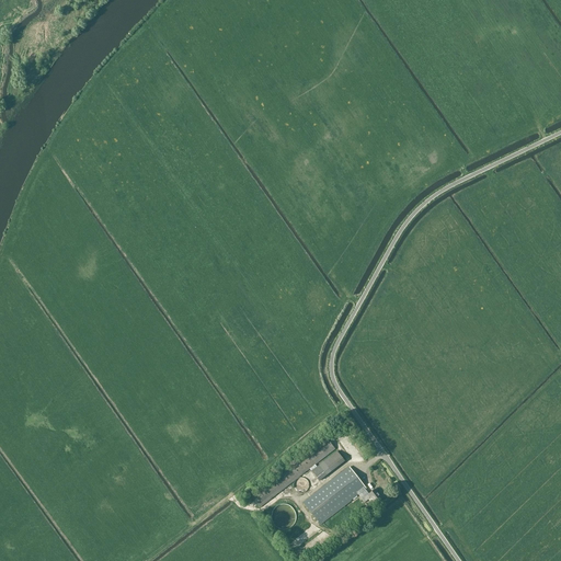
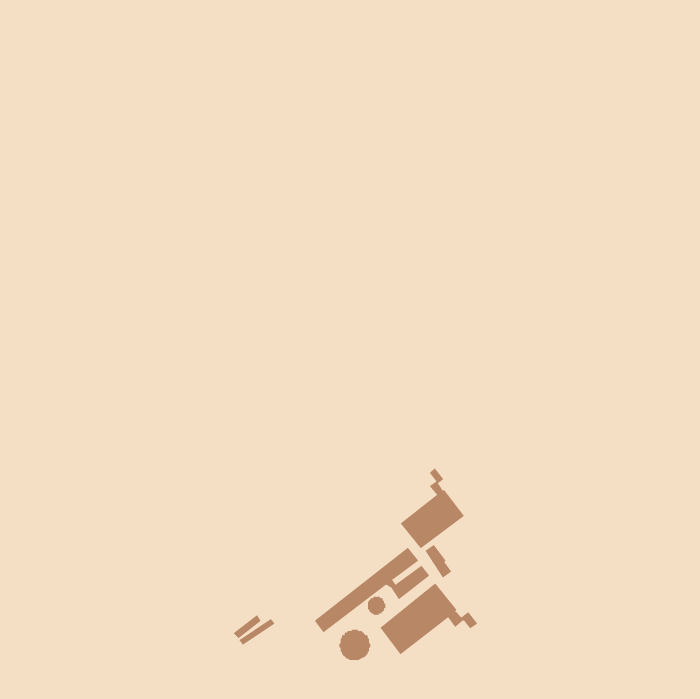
building: none -> [400,468,465,549]

